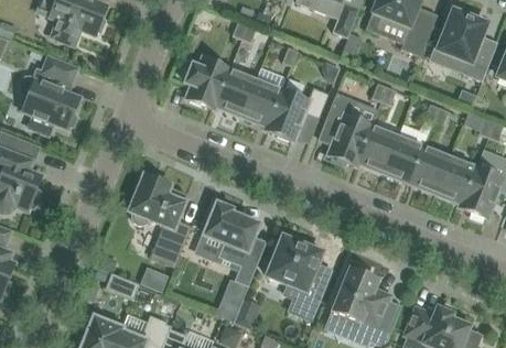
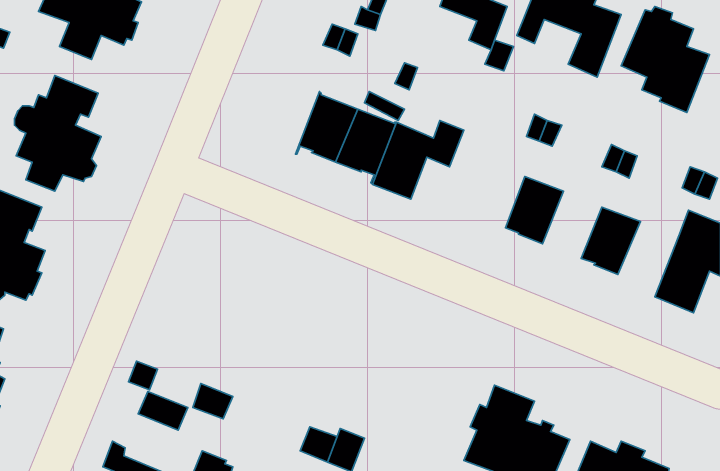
building: [185,57,229,110] -> none
building: [316,93,372,166] -> none
building: [383,135,423,182] -> none
building: [434,156,476,208] -> none
building: [129,174,187,267] -> none
building: [203,203,258,286] -> none
building: [266,233,330,319] -> none

